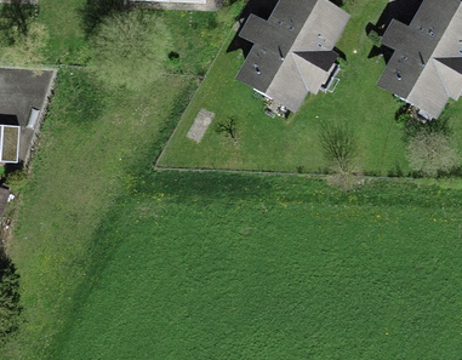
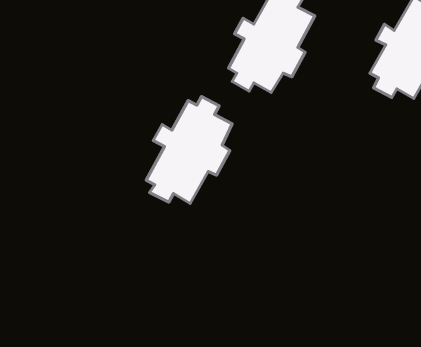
building: none -> [146,96,232,203]

